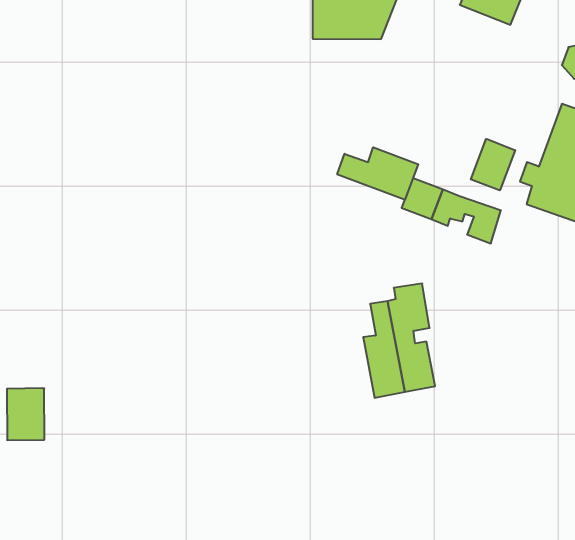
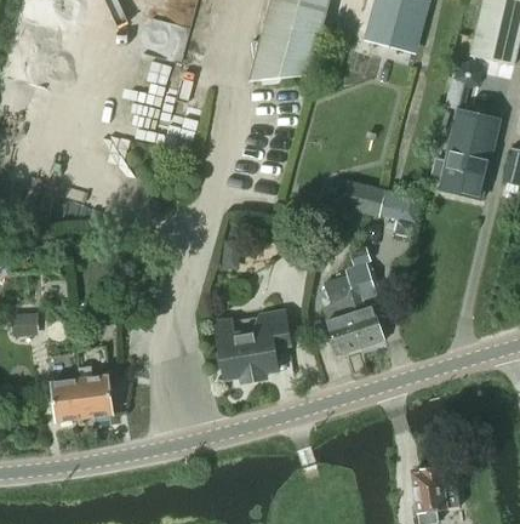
building: [471,139,515,190] -> none
building: [337,147,418,200] -> none
building: none -> [216,311,290,381]
building: none -> [78,365,114,417]

